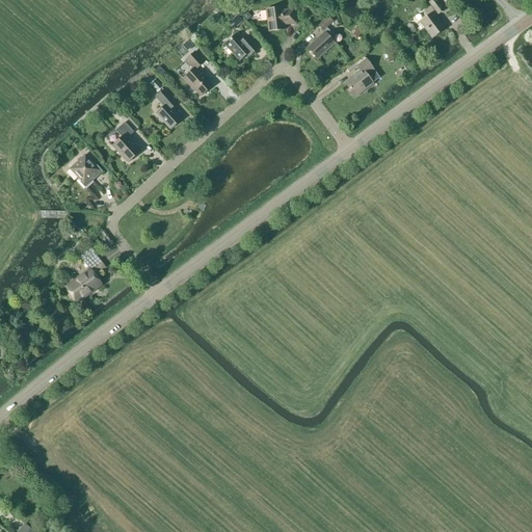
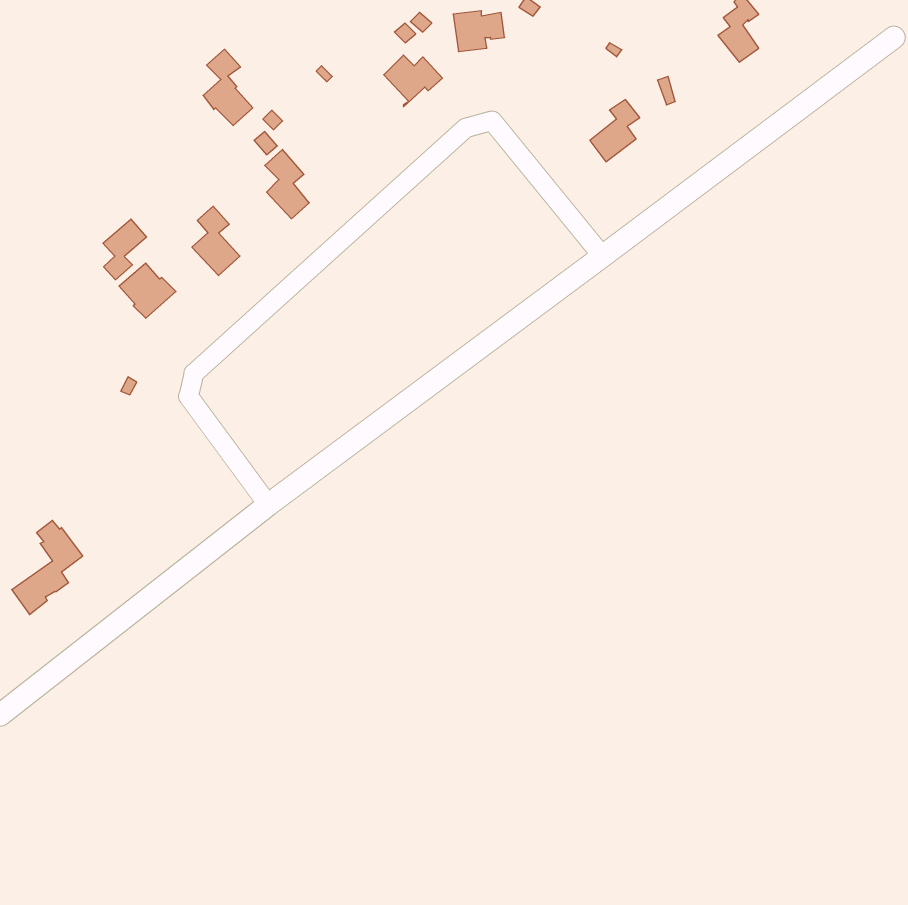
building: [307,15,335,57] -> none
building: [183,50,212,95] -> [203,49,253,126]
building: none -> [103,219,147,280]
building: [66,245,108,300] -> [12,520,83,615]

